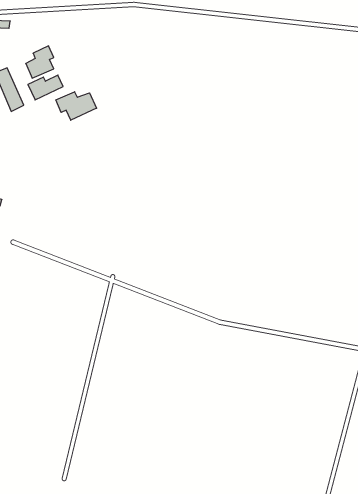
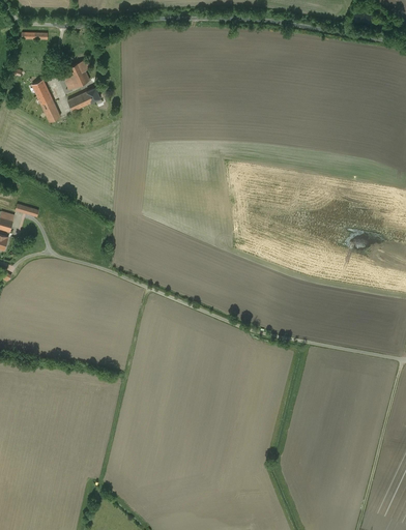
building: [56,92,97,120] -> none

